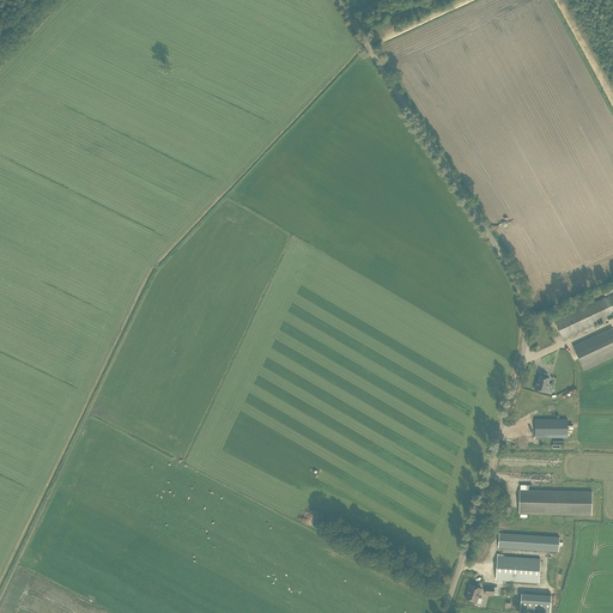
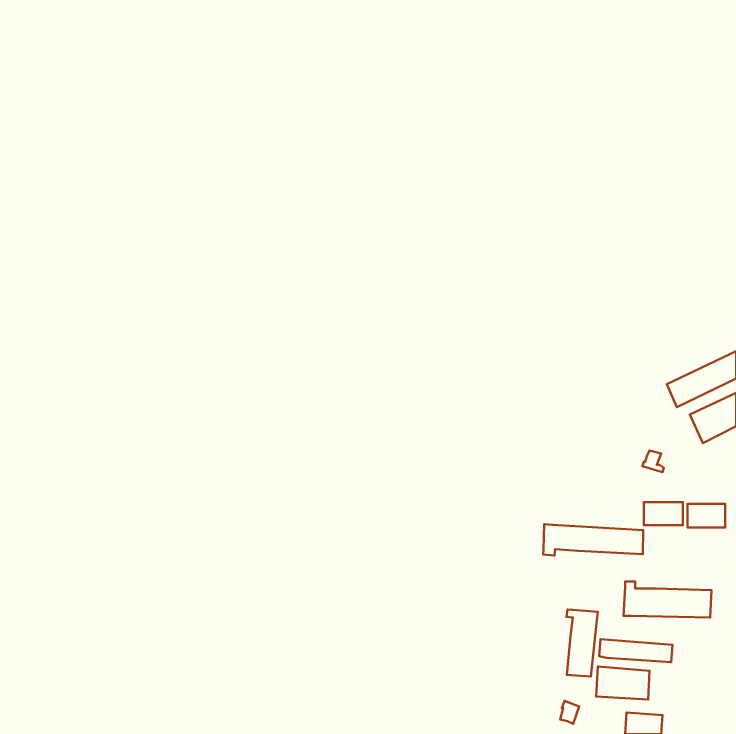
building: none -> [687,504,725,528]
building: none -> [543,524,643,555]
building: none -> [567,609,598,676]

